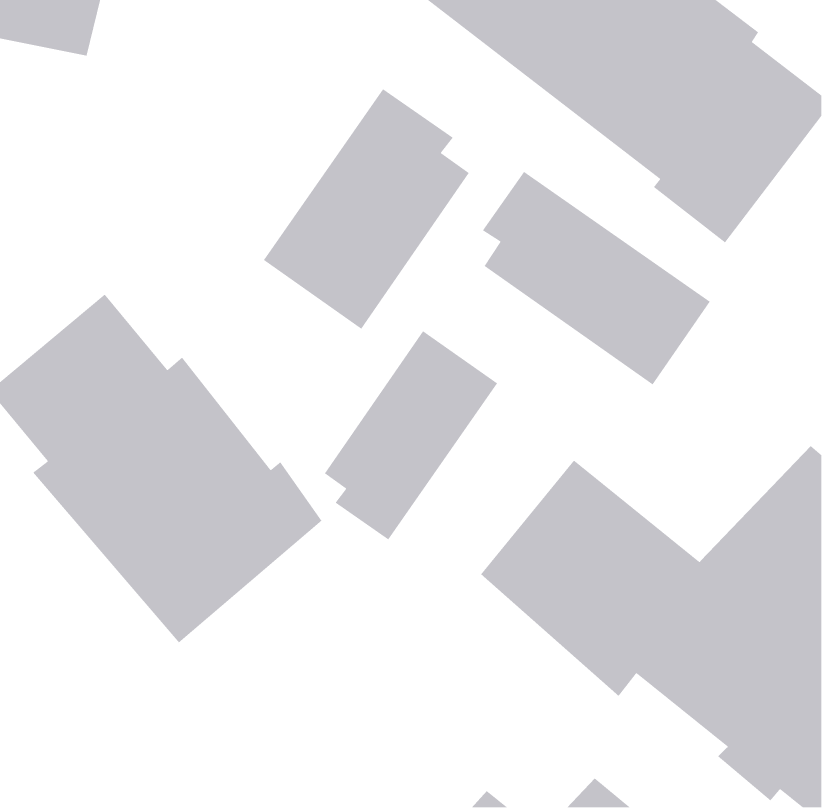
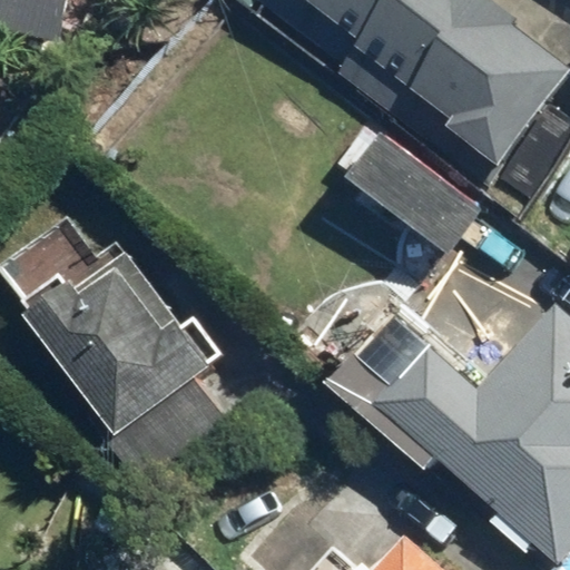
building: [263,88,470,330] -> none
building: [324,330,498,540] -> none

